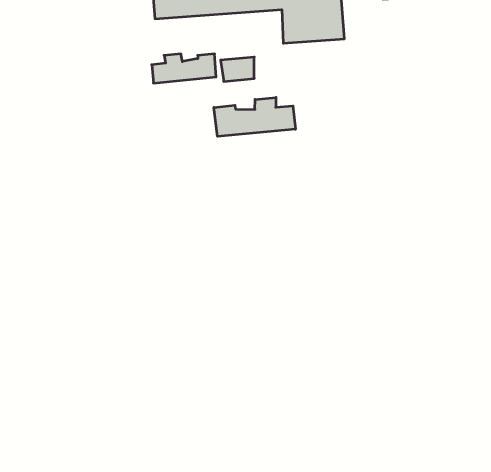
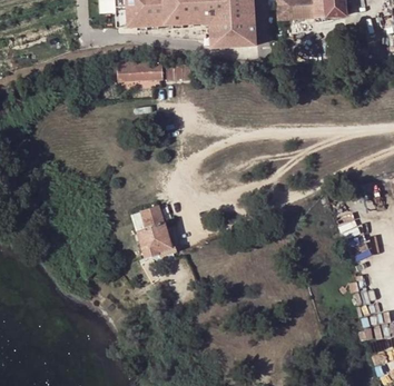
building: [214,97,295,136] -> none
building: none -> [132,206,171,257]

